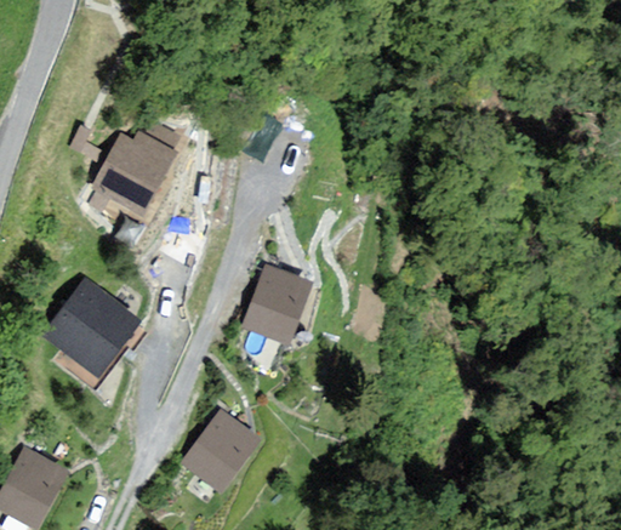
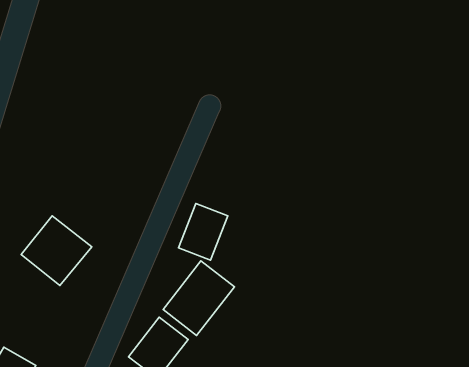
building: [93,122,178,213] -> none
building: none -> [163,261,234,335]

